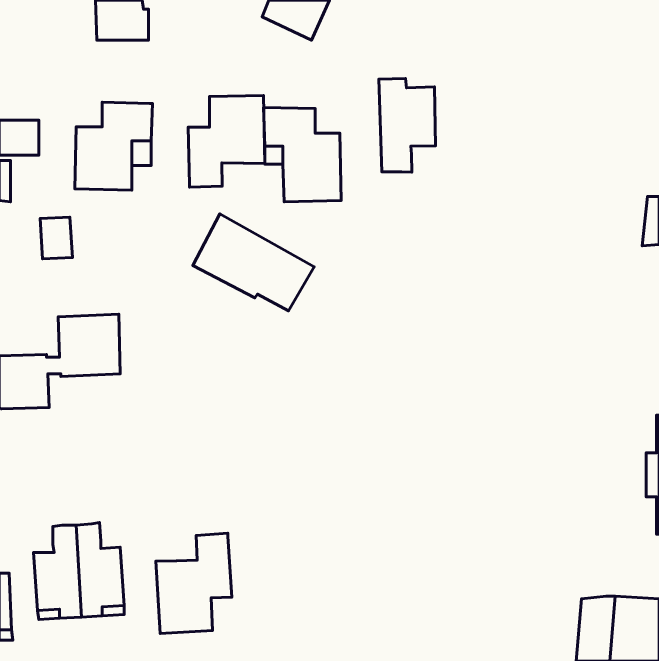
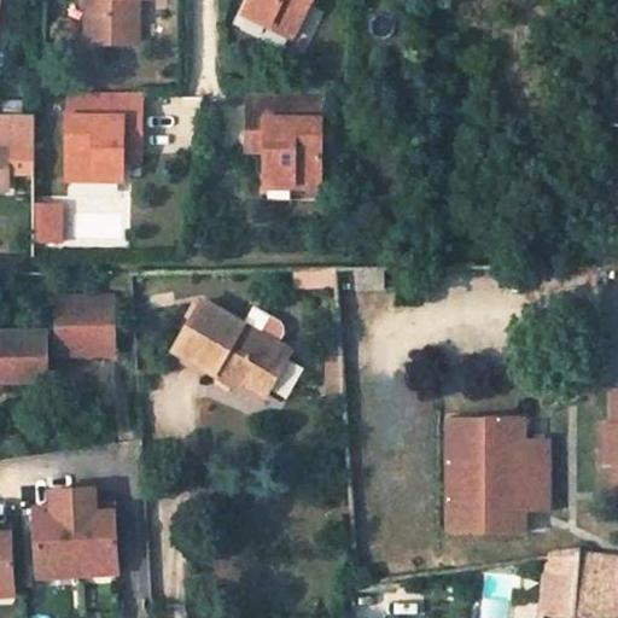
building: [379,79,436,172] -> none
building: [188,96,265,187] -> none
building: [193,214,314,311] -> [176,303,290,393]
building: none -> [447,418,549,534]
building: [156,533,232,633] -> none

